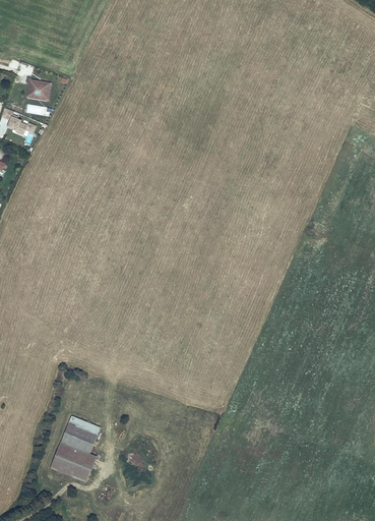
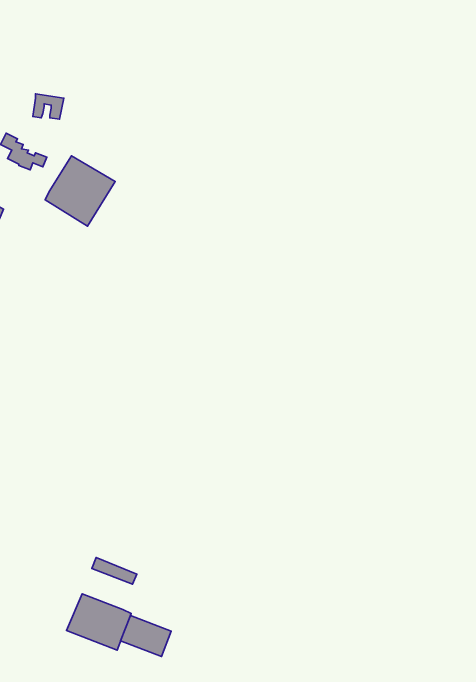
building: none -> [45,156,115,226]
building: [61,423,98,453] -> [121,616,171,656]

